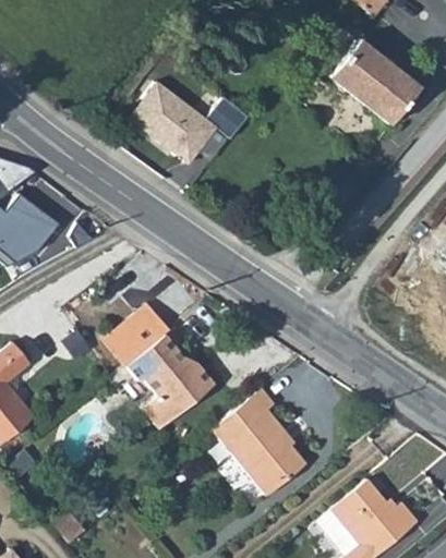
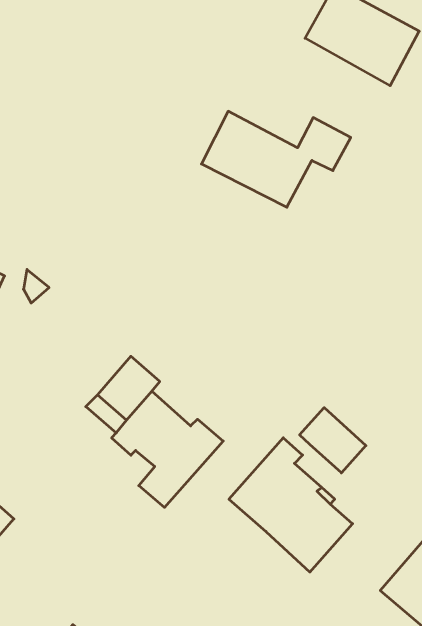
building: [131,77,253,161] -> [201,111,351,207]
building: none -> [300,408,366,473]

